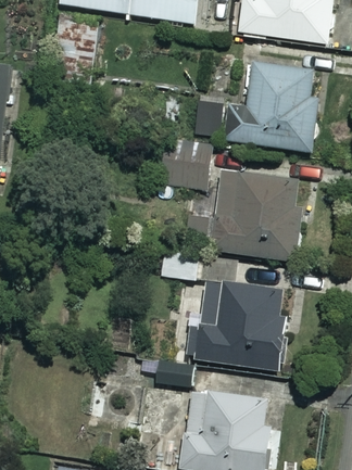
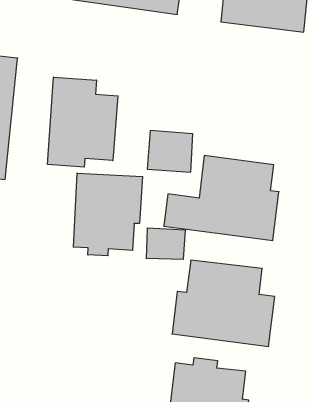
building: [227,62,316,151] -> none
building: none -> [48,77,118,167]
building: none -> [73,173,143,256]

